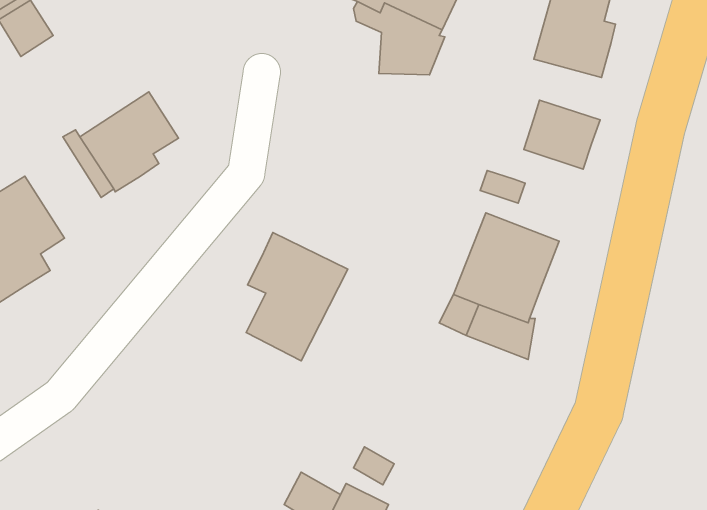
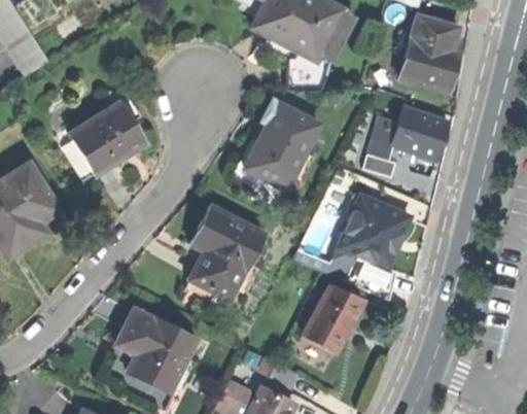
building: none -> [238,100,319,200]
building: none -> [365,114,399,165]
building: none -> [303,280,364,350]
building: none -> [116,308,197,392]

